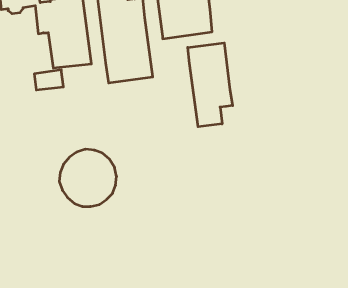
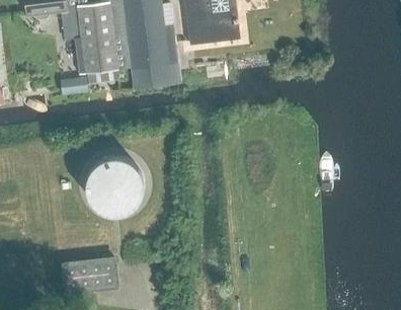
building: [188,43,233,127] -> none
building: none -> [62,257,116,291]

